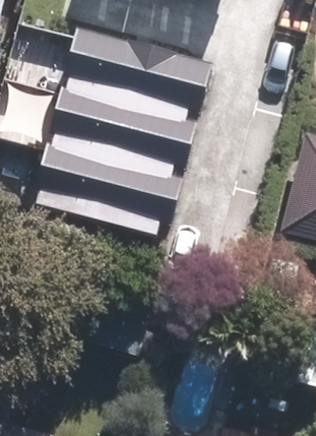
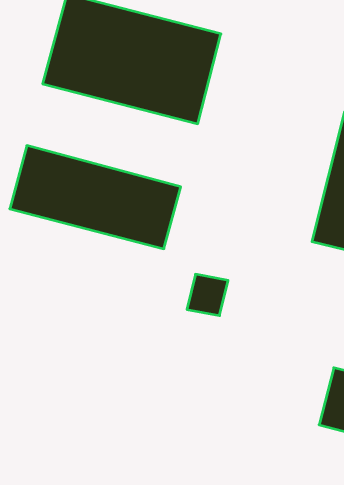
building: [48,99,191,185] -> none

